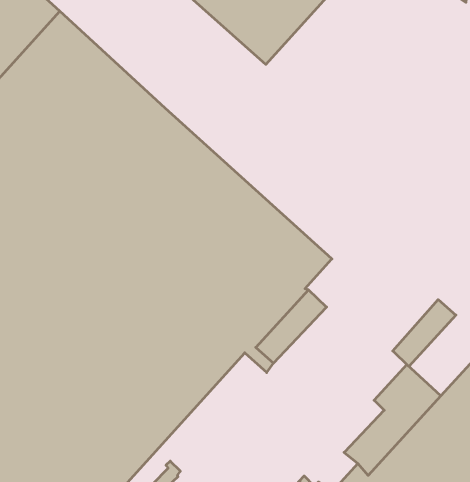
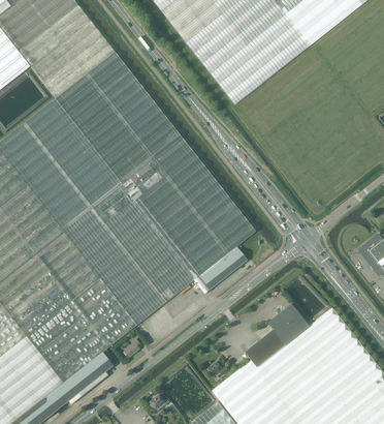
building: [393,300,456,366] -> none

